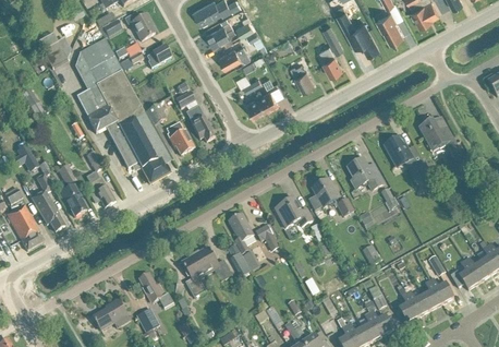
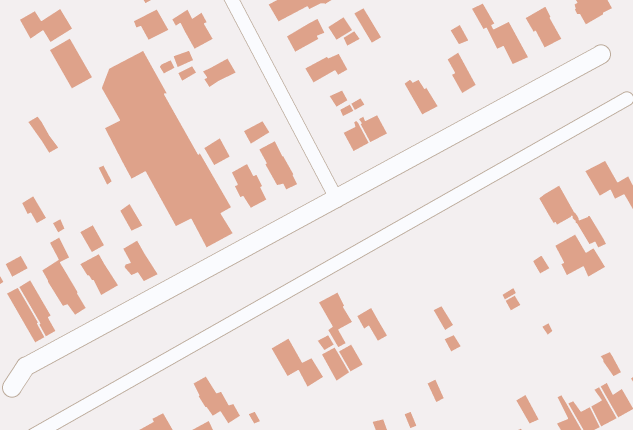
building: none -> [19,8,73,43]
building: [348,158,385,190] -> [554,233,606,278]
building: [308,178,353,215] -> none
building: [279,198,313,227] -> none
building: [182,253,207,297] -> none

